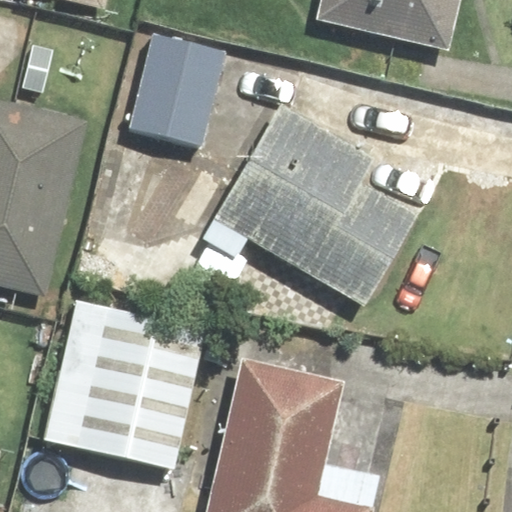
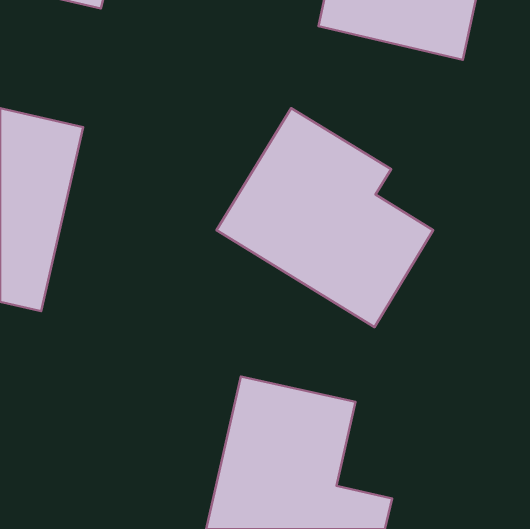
building: [130,26,231,123] -> none
building: [42,305,203,471] -> none

